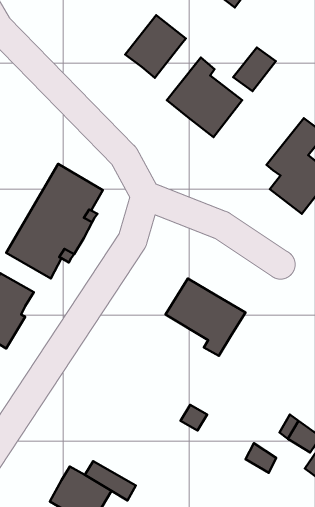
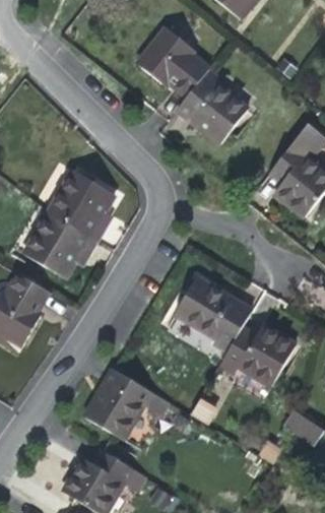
building: [233,47,276,91] -> [169,54,209,95]
building: none -> [218,325,297,386]
building: none -> [86,369,171,439]

